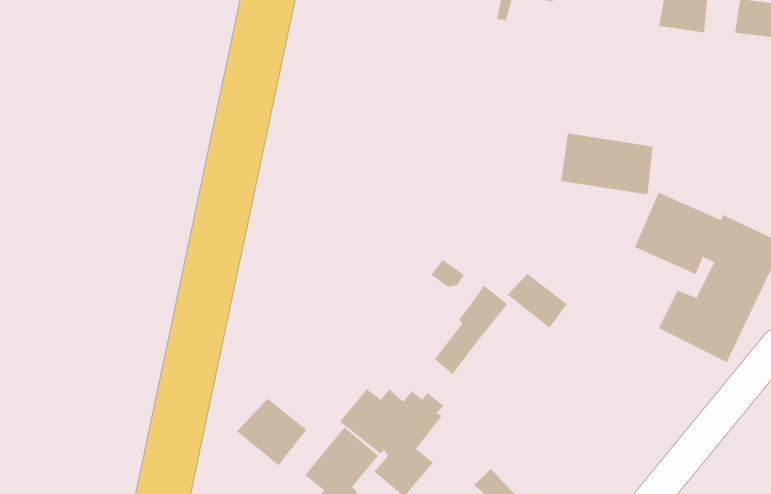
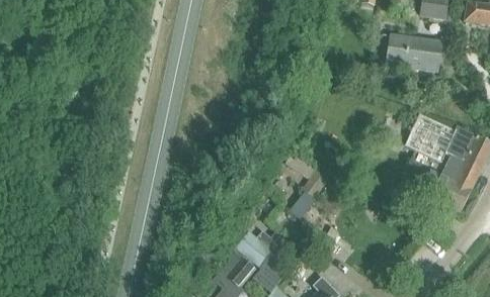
building: [560,133,653,195] -> [387,35,441,72]
building: [507,273,567,329] -> none
building: [236,398,307,466] -> none

